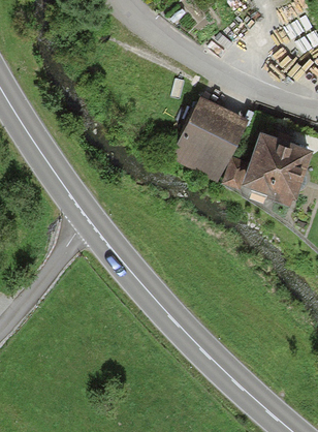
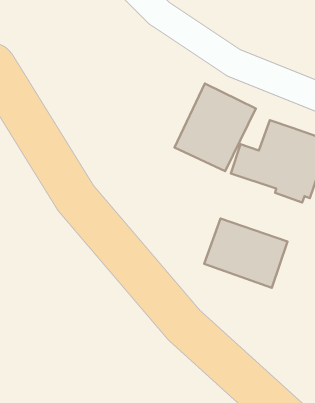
building: none -> [204,218,287,288]

